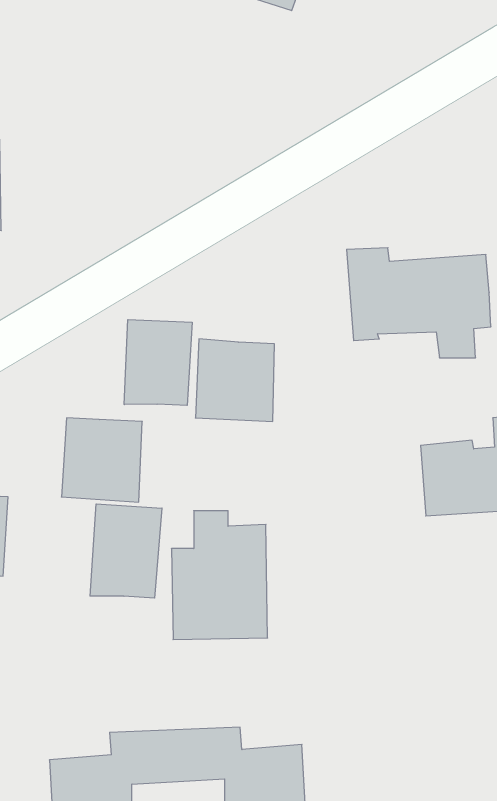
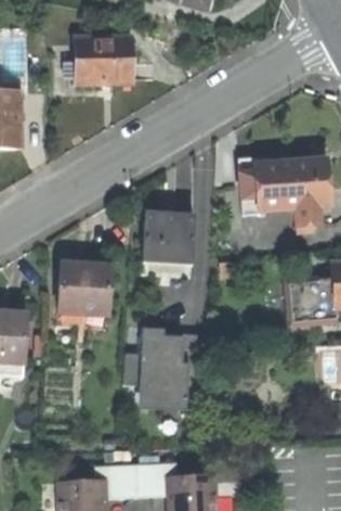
building: none -> [65,36,132,82]
building: [124,320,192,405] -> none
building: [90,504,162,598] -> none

